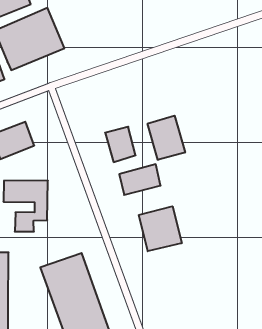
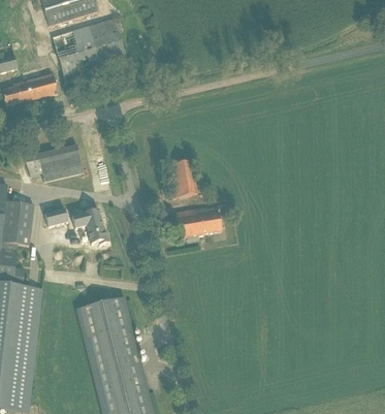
building: [148,116,185,160] -> none
building: [139,206,182,251] -> none

